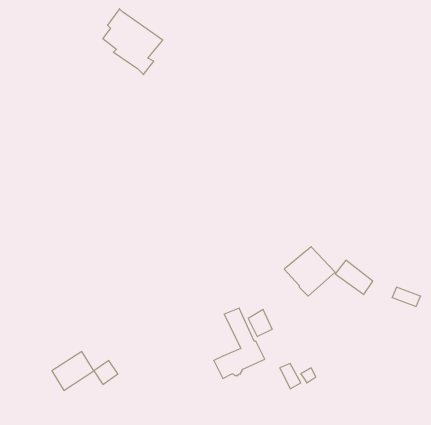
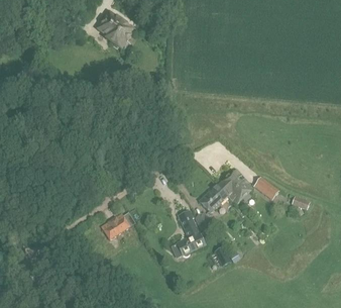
building: none -> [199,183,228,211]
building: [52,352,94,390] -> [101,211,129,237]

